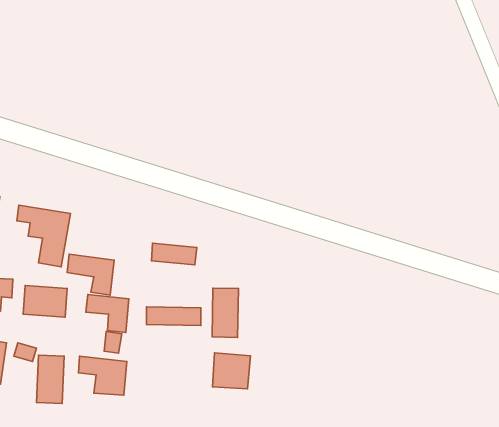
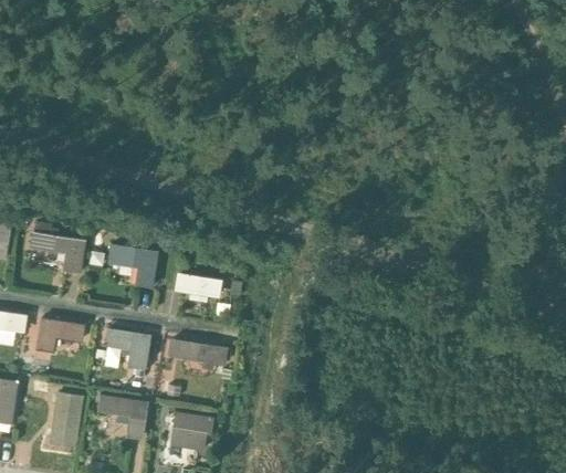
building: [67,254,114,295] -> [107,243,158,287]
building: [212,288,238,337] -> none
building: [212,353,250,389] -> [169,411,210,450]

